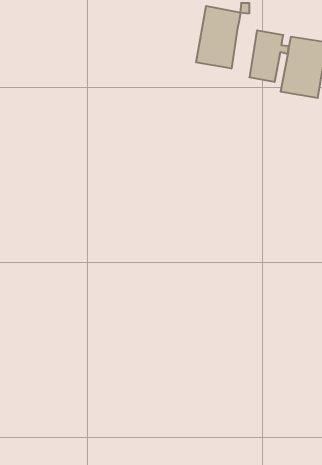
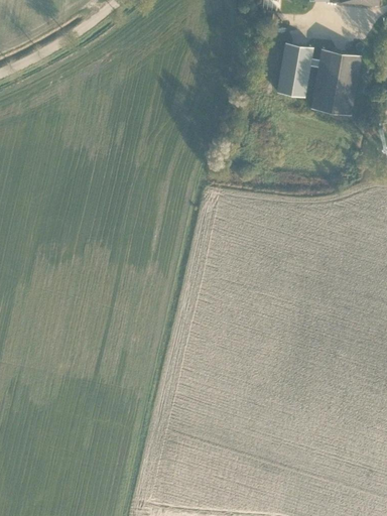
building: [196,6,240,69] -> none

